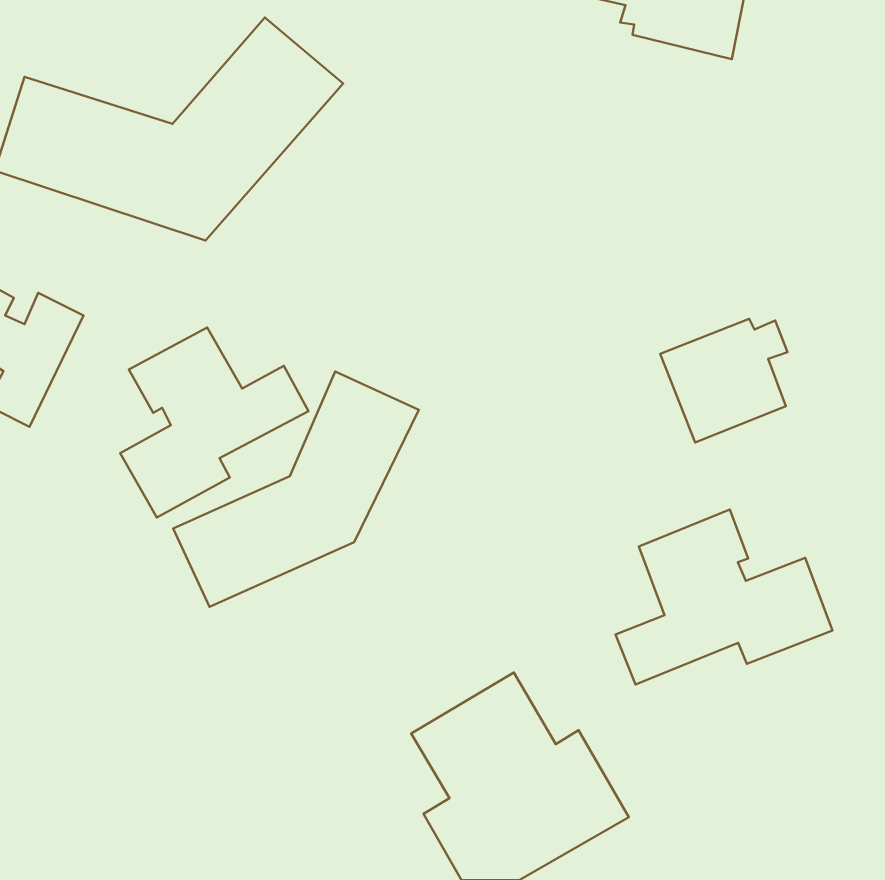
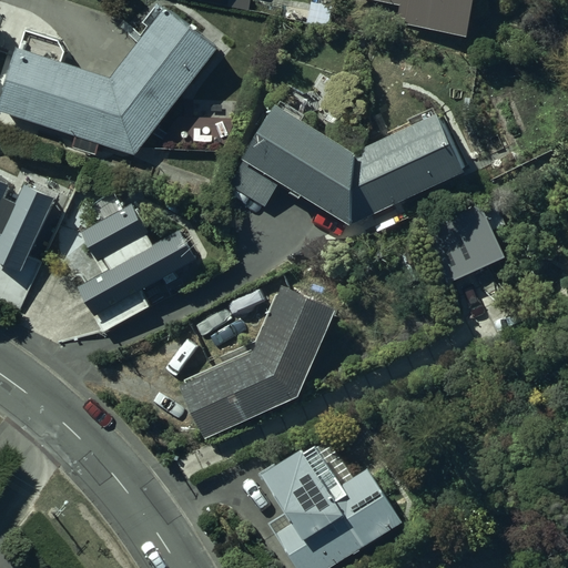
building: none -> [230,104,463,230]
building: [173,372,419,607] -> [180,288,336,438]
building: [616,510,832,685] -> none

